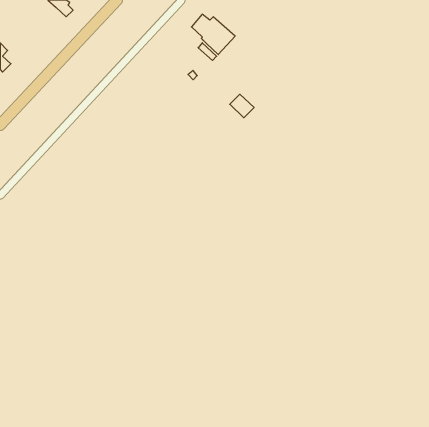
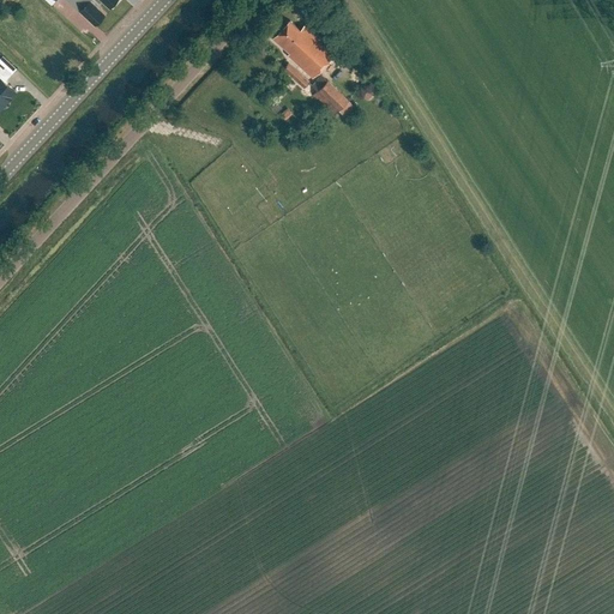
building: [230,94,254,118] -> [313,83,348,116]

